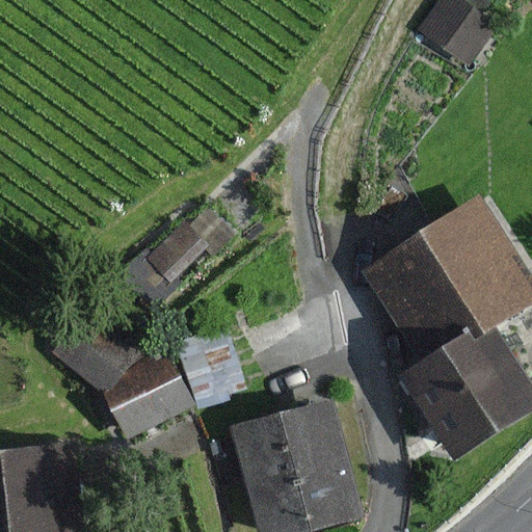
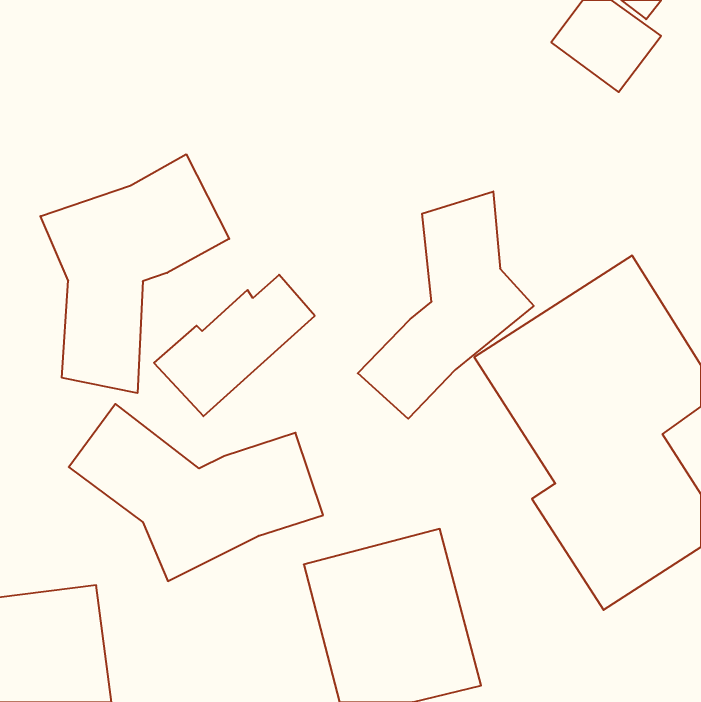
building: none -> [40,154,229,393]
building: none -> [358,191,534,419]

